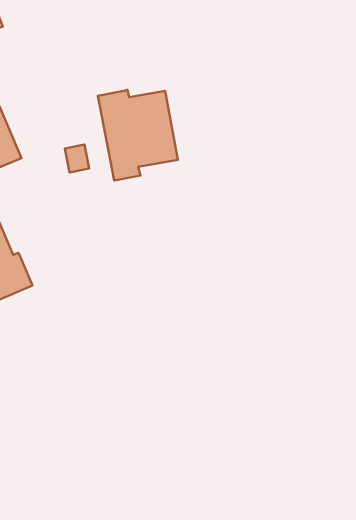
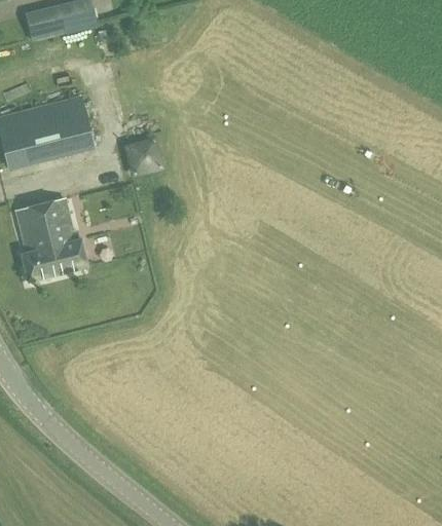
building: [98,90,178,180] -> none

